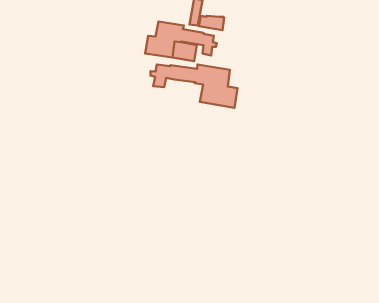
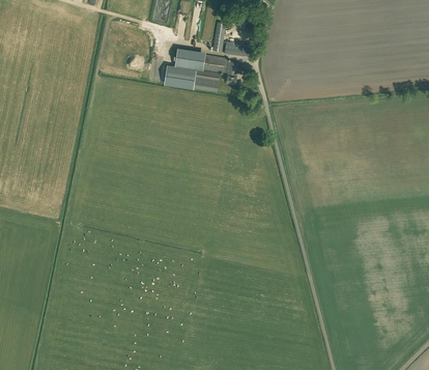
building: [150,64,237,108] -> none

